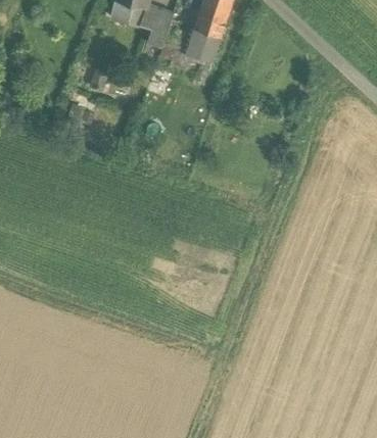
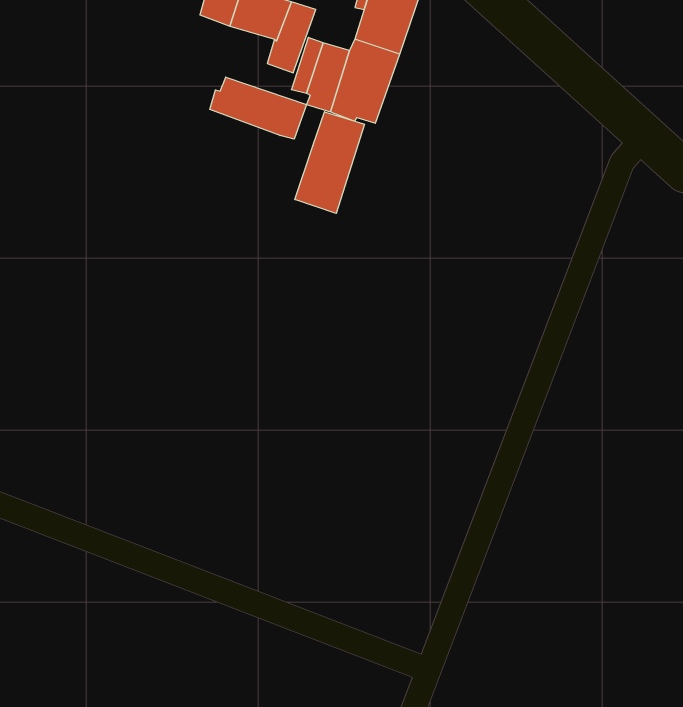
building: none -> [210,77,306,139]
building: none -> [295,112,364,213]

